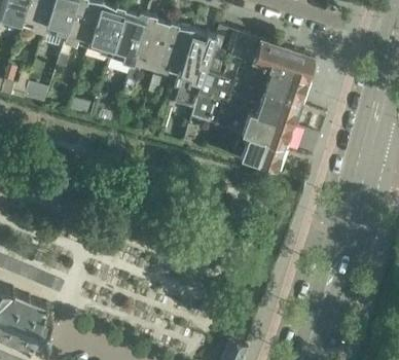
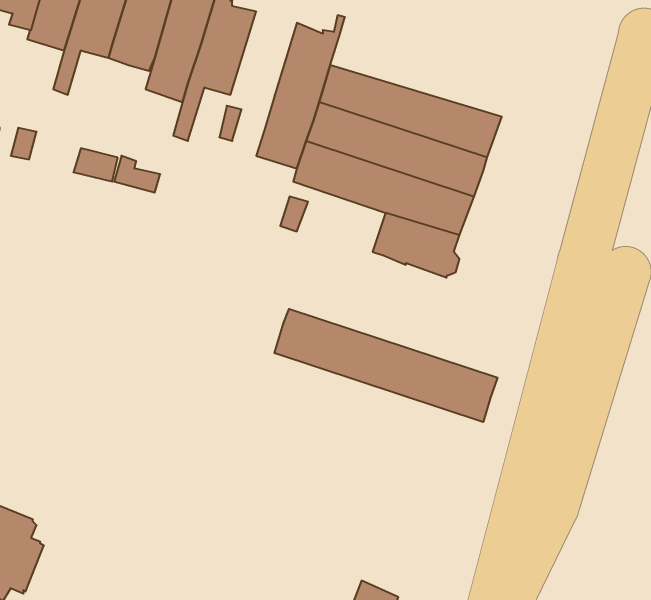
building: [157,23,194,77] -> none
building: [213,27,316,82] -> none
building: none -> [275,309,498,422]

